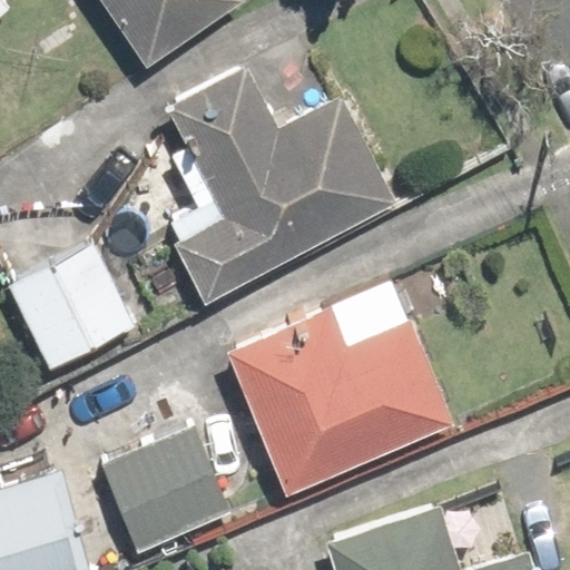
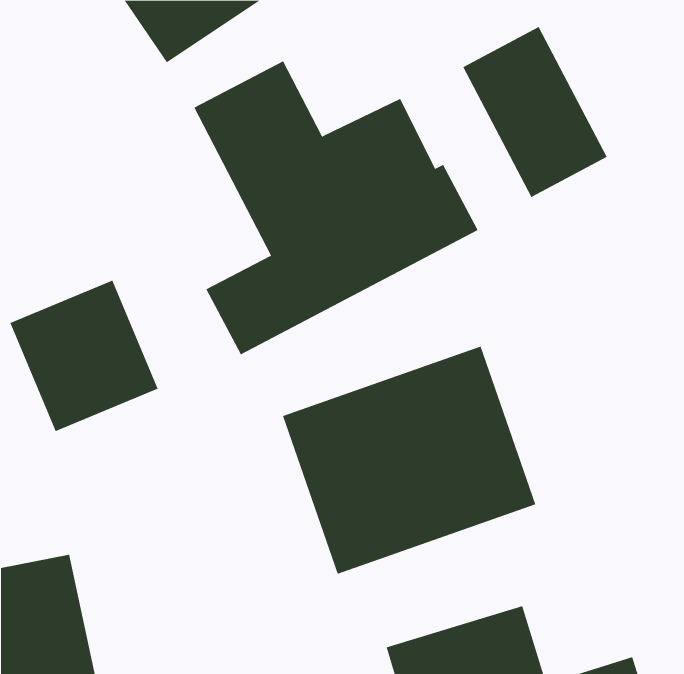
building: none -> [462,26,607,198]
building: [107,430,232,547] -> none

